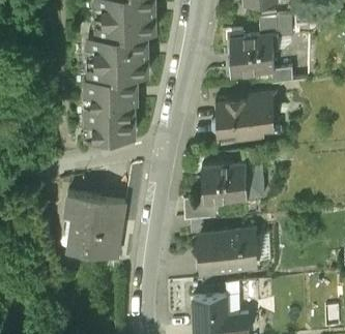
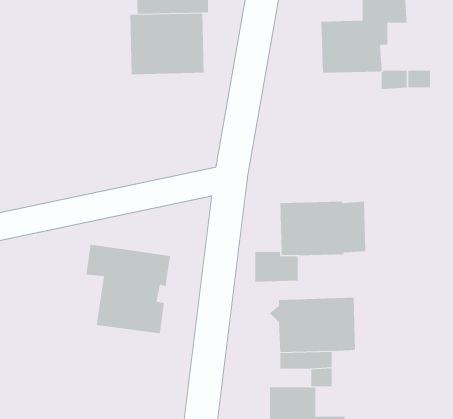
building: [89,72,141,135] -> none
building: [211,96,274,140] -> none

